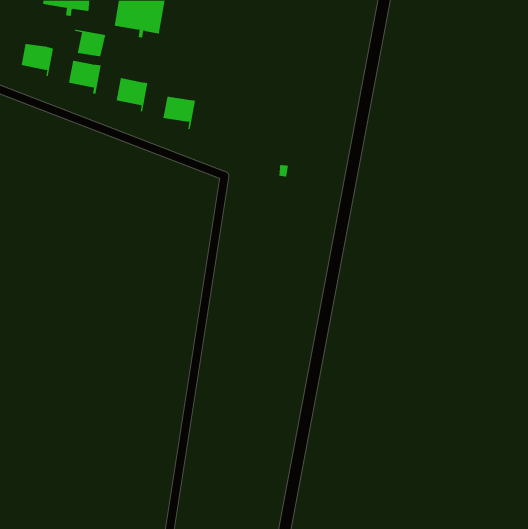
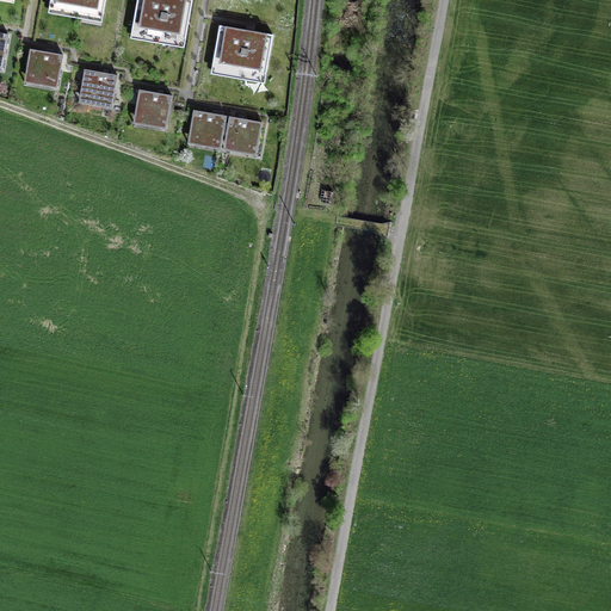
building: none -> [211,26,271,80]
building: [74,29,106,57] -> none
building: none -> [223,117,261,156]

